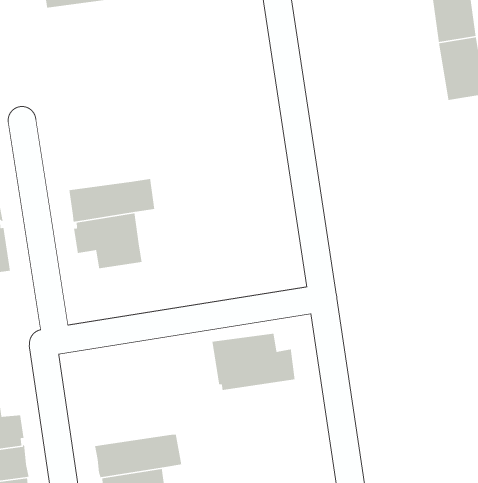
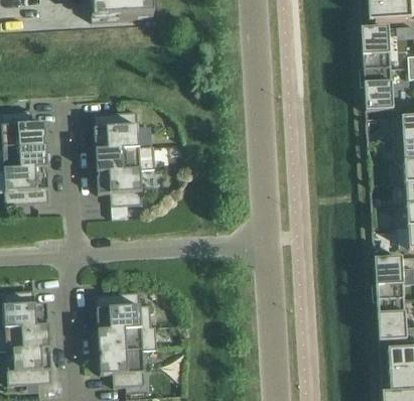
building: none -> [93,112,139,149]
building: [212,333,296,391] -> [95,292,151,329]

